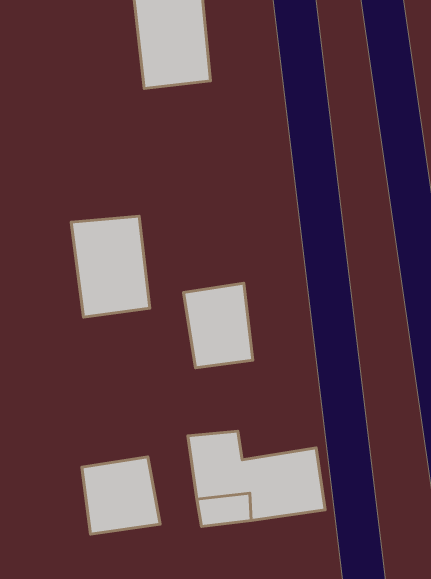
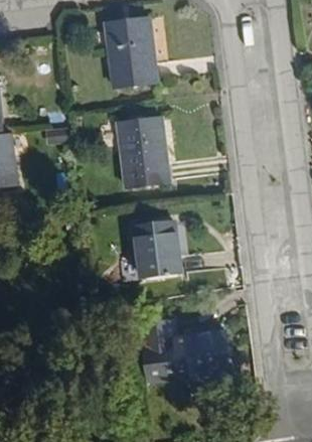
building: [71,216,150,317] -> [122,125,174,192]
building: [82,457,160,534] -> none

